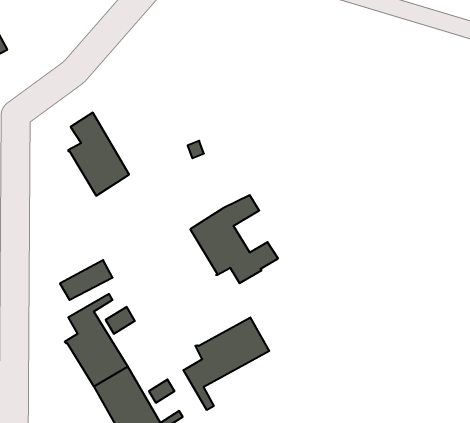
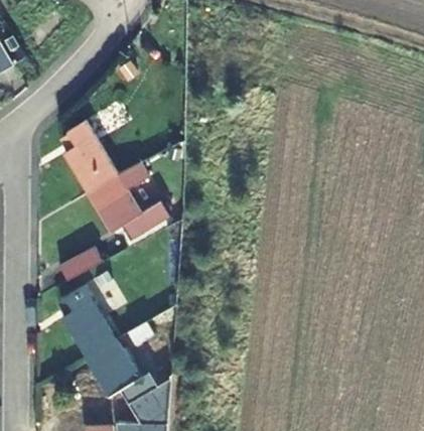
building: [190,195,278,283] -> [89,163,164,239]
building: [183,317,269,410] -> none

